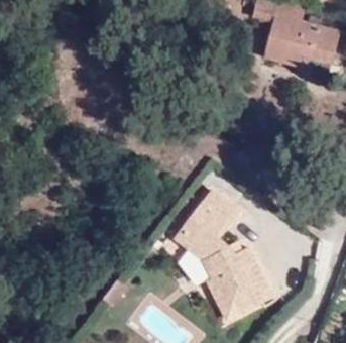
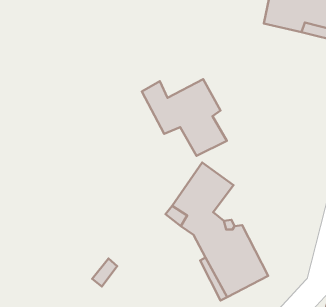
building: none -> [142,79,227,156]

